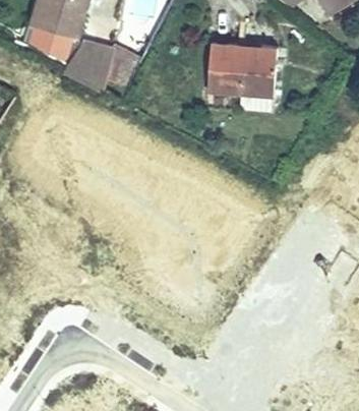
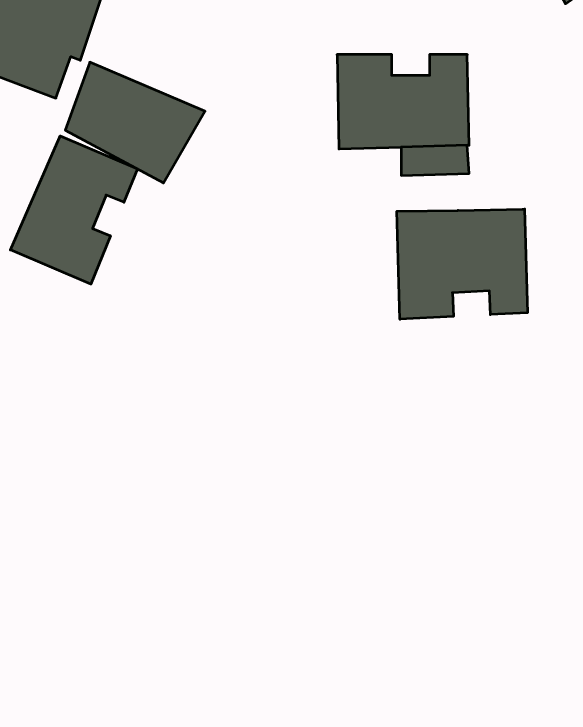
building: none -> [10,136,137,284]
building: none -> [397,209,527,319]

